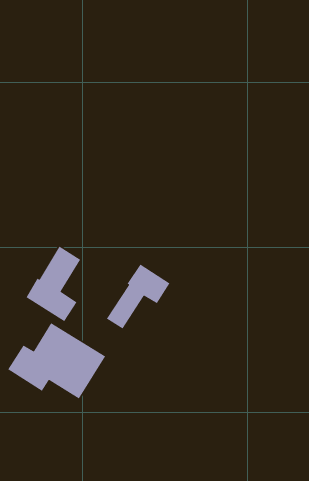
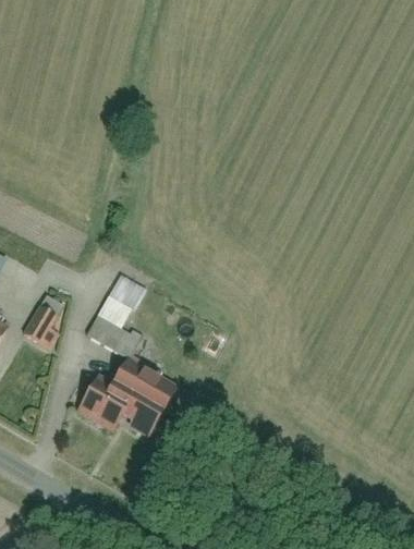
building: [106,264,170,330] -> none

